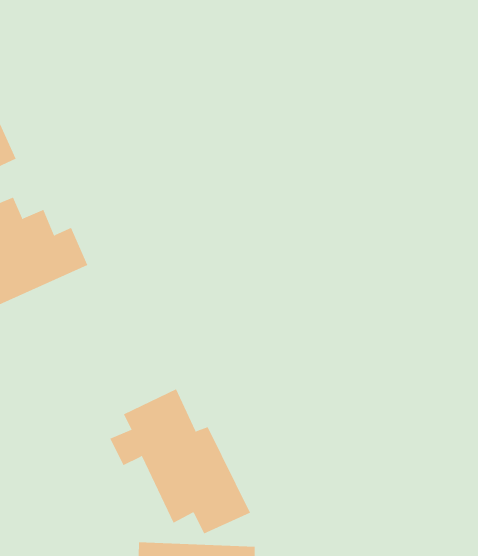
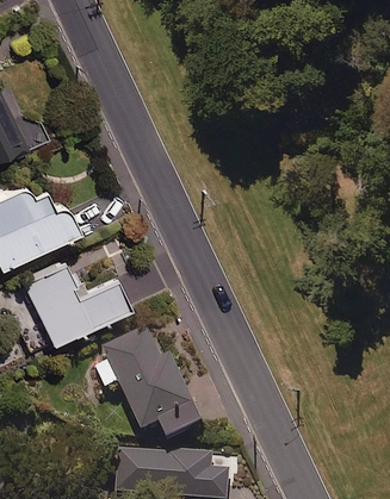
building: none -> [23,261,130,345]

